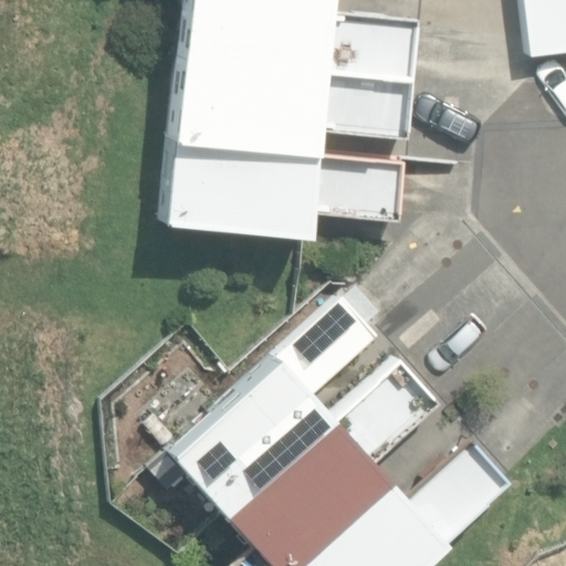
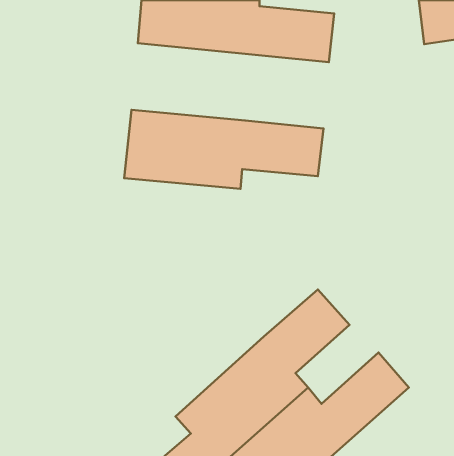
building: [169,57,411,153] -> none
building: [168,297,376,516] -> none

